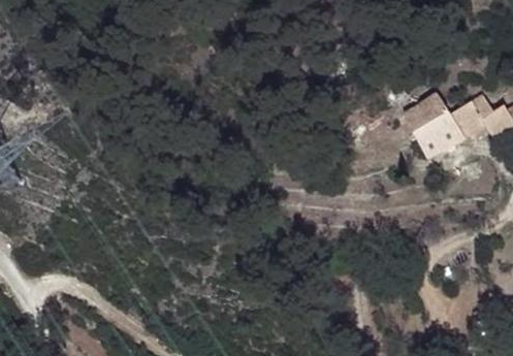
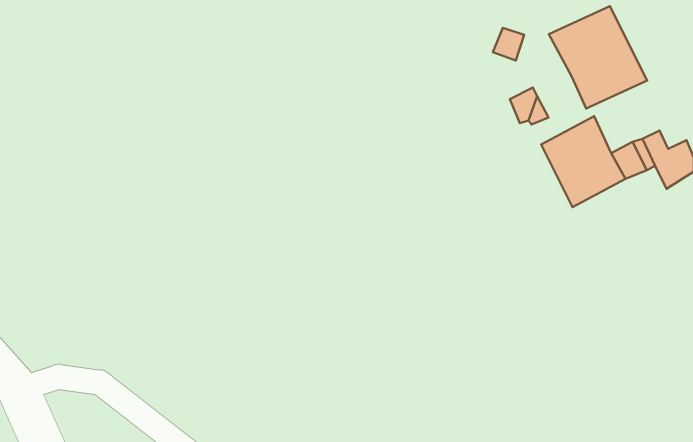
building: none -> [549,6,647,109]

